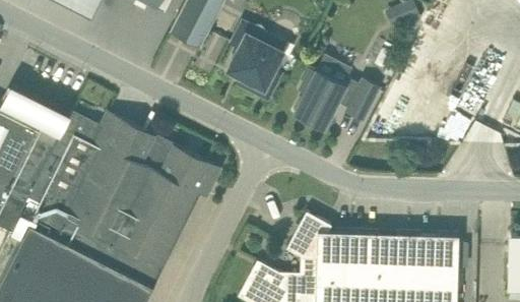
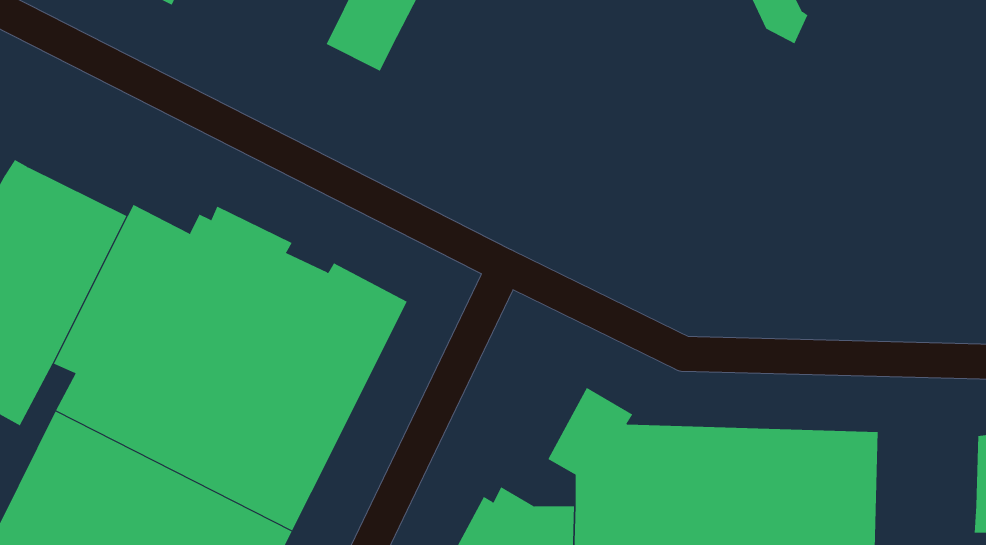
building: [226,20,284,101] -> none
building: [295,55,379,129] -> none

